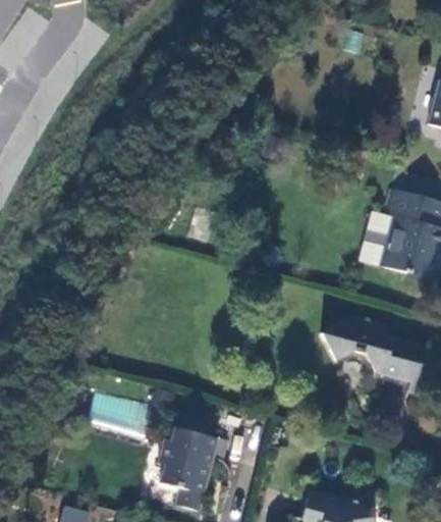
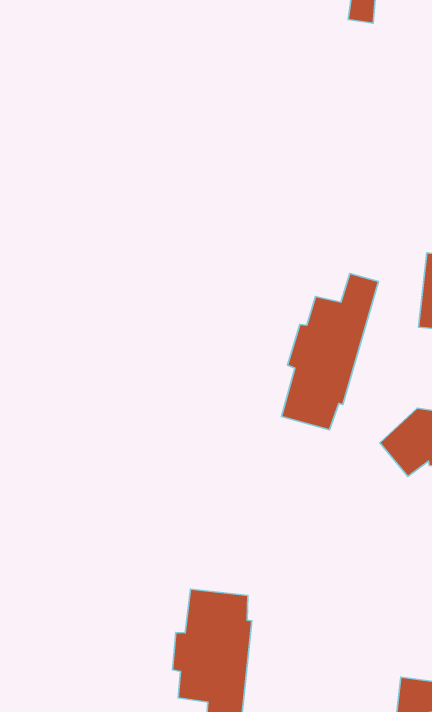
building: none -> [282,274,378,430]

